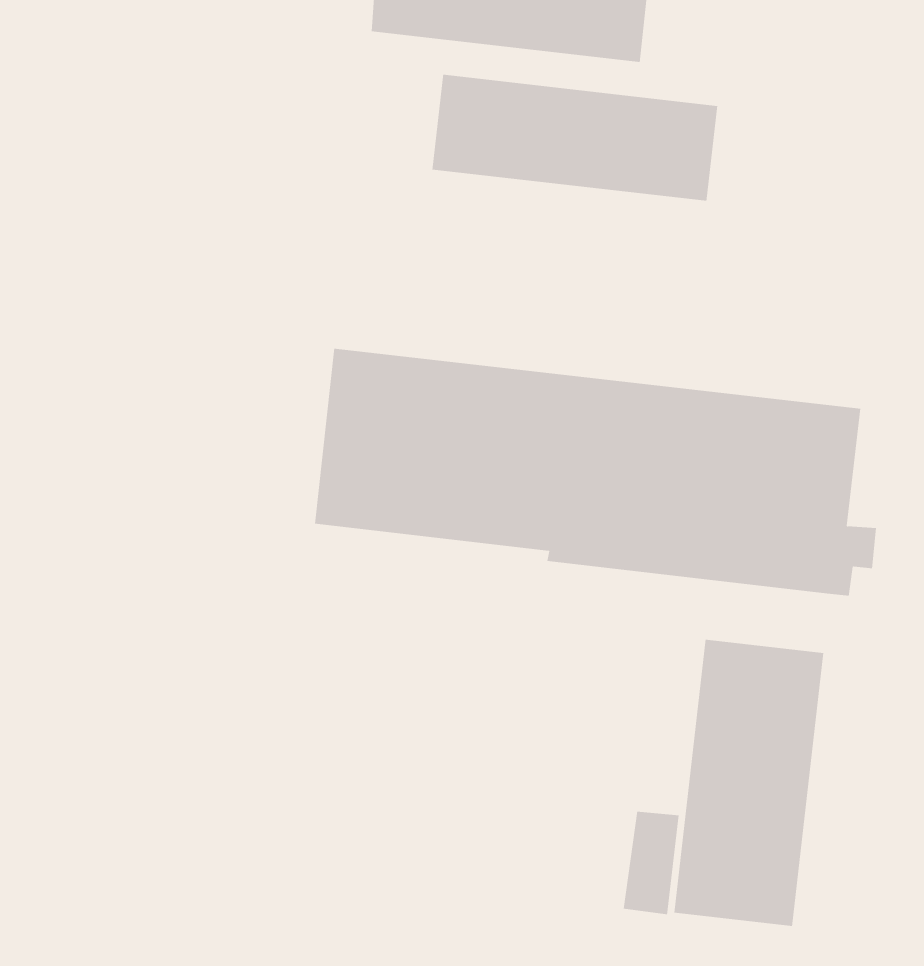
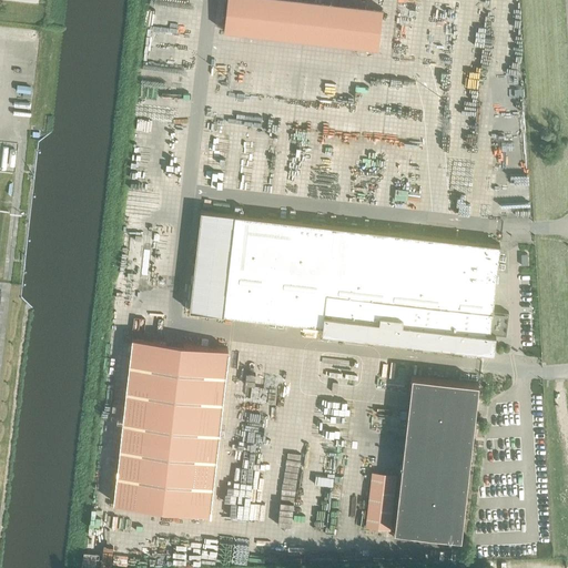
building: [432,74,718,202] -> none
building: none -> [113,343,227,519]

